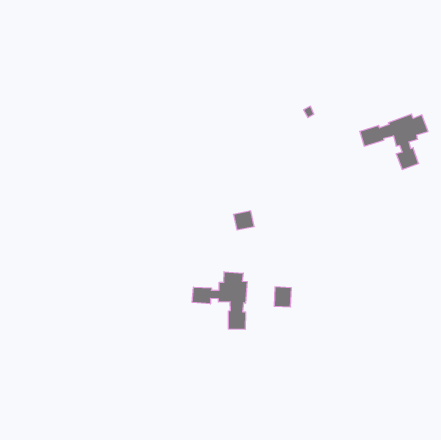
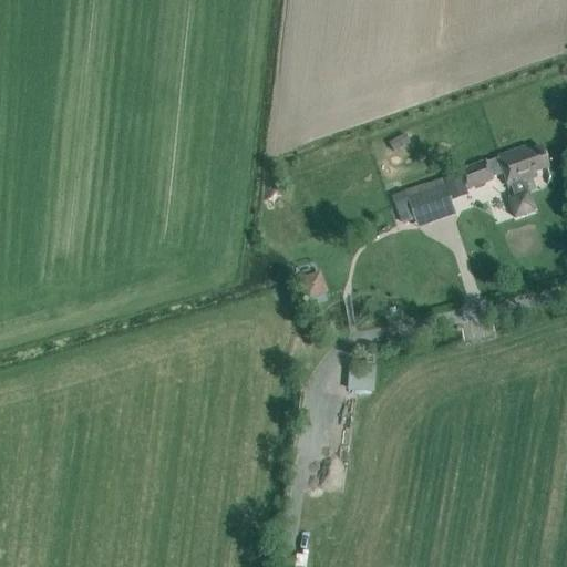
building: none -> [395,178,455,223]
building: [192,272,247,329] -> none

